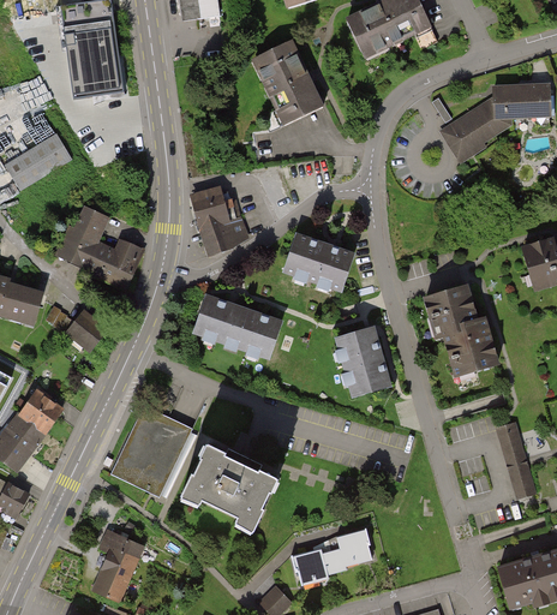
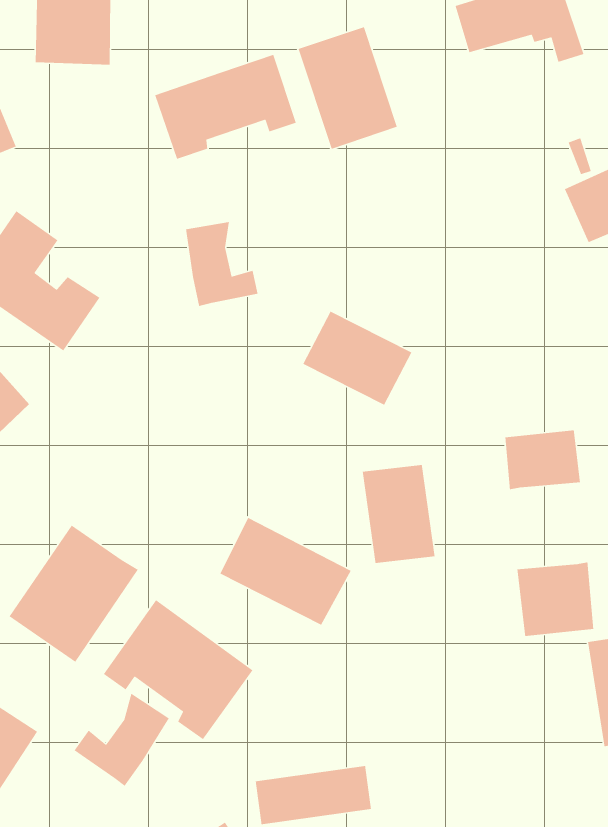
building: none -> [154,54,297,160]
building: [194,295,282,360] -> [219,517,352,626]
building: [439,321,497,377] -> [517,562,594,637]
building: none -> [73,693,170,787]

